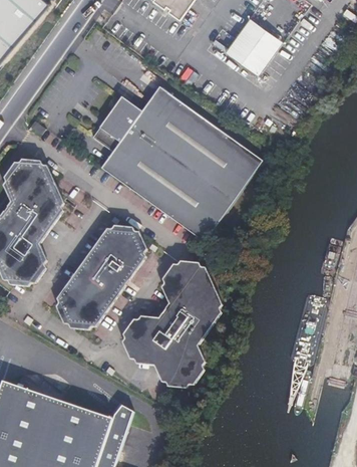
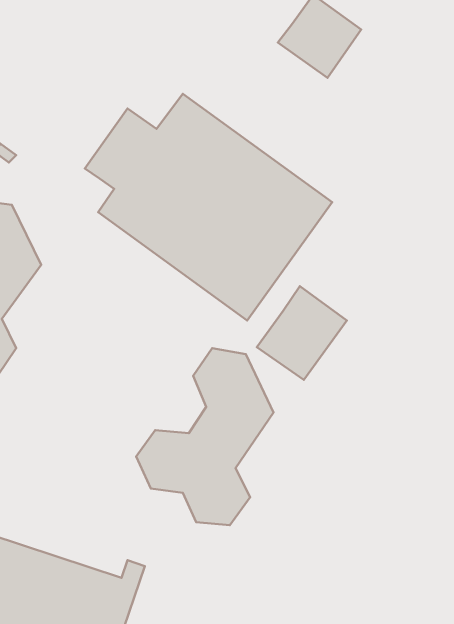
building: none -> [257,286,347,380]
building: [60,227,145,323] -> none

